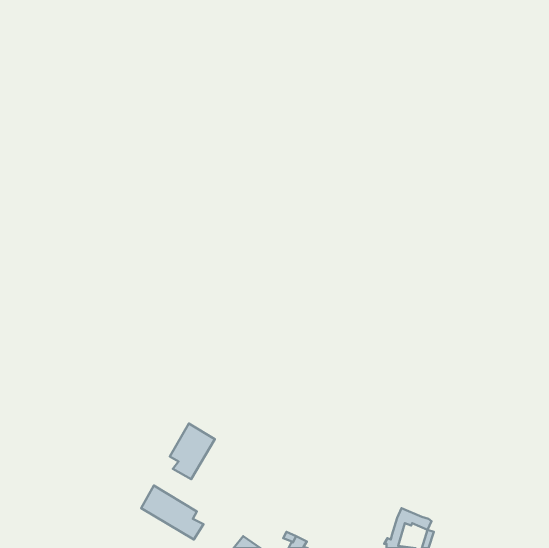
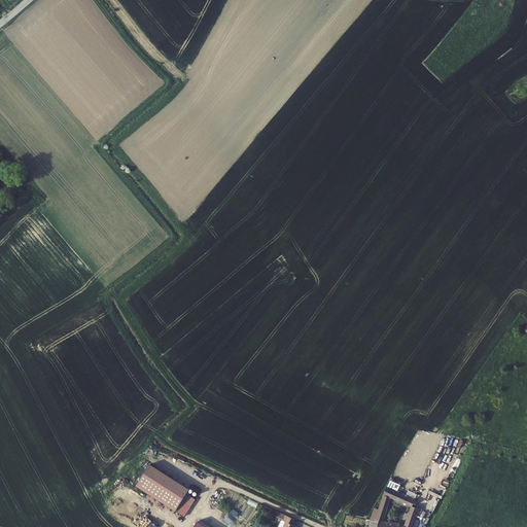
building: [170,424,215,479] -> none

